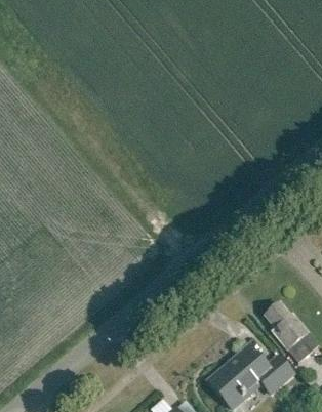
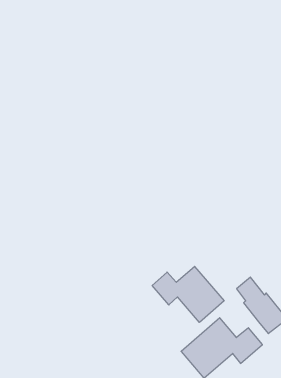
building: none -> [152,266,224,322]

